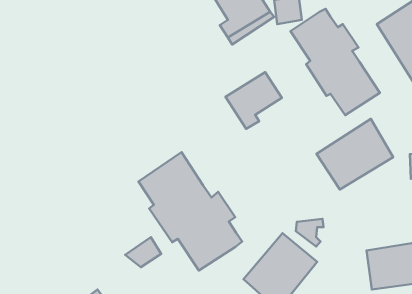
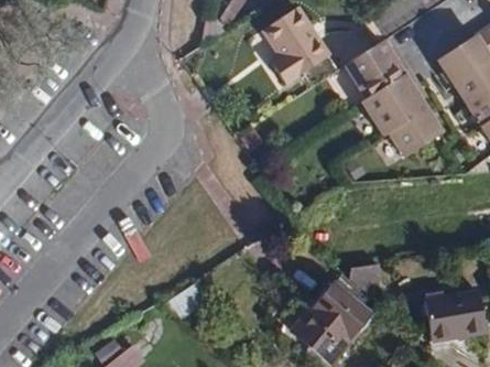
building: [226,72,282,129] -> none
building: [316,119,393,190] -> none
building: [138,152,242,271] -> none

